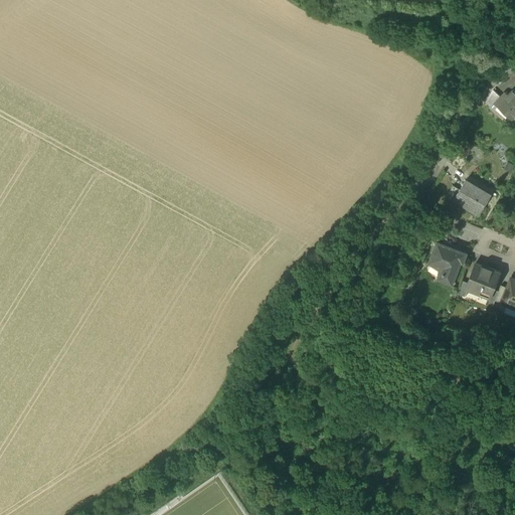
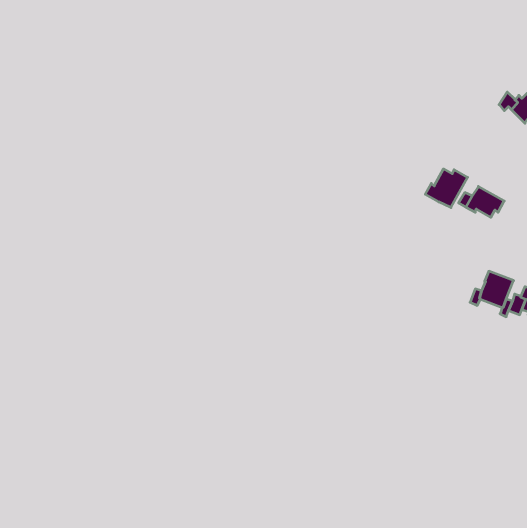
building: none -> [425,169,468,208]
building: [431,242,467,285] -> none

